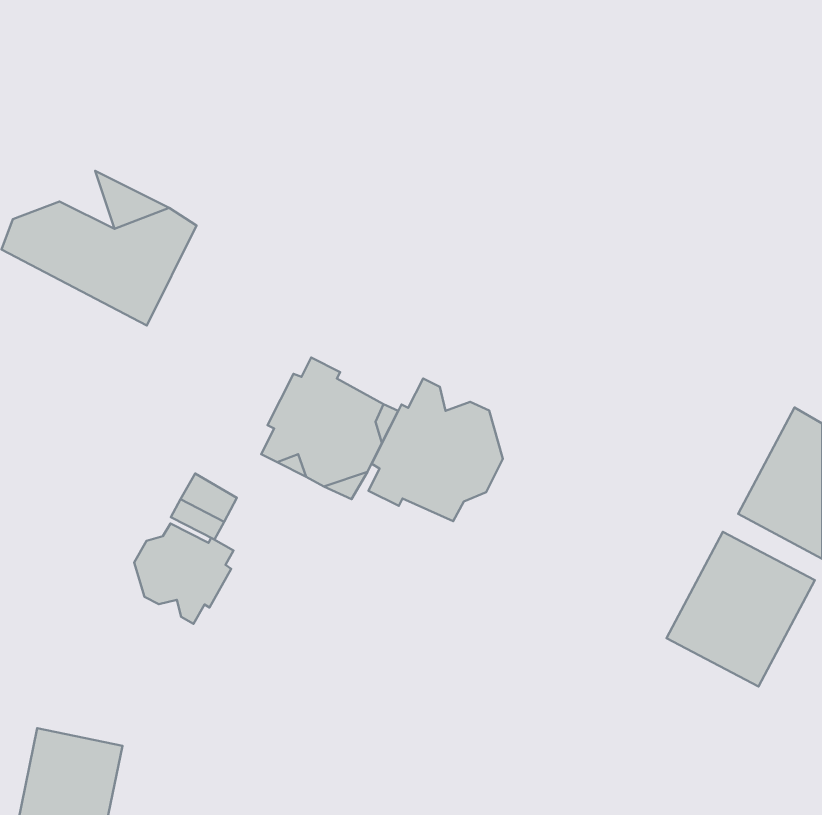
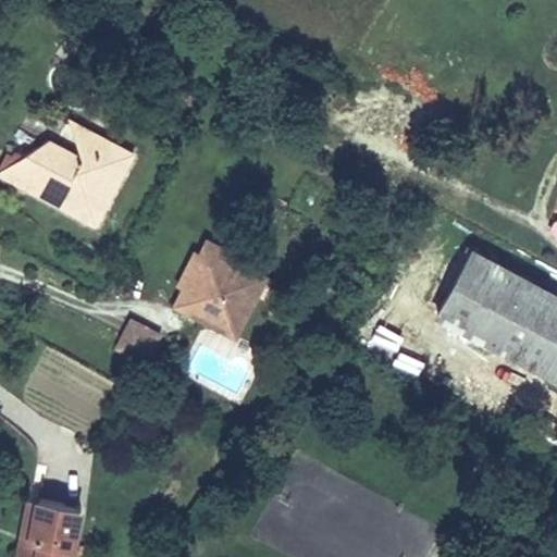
building: [369,378,503,521] -> none
building: [134,523,234,624] -> none
building: [667,532,815,686] -> [436,248,536,352]

